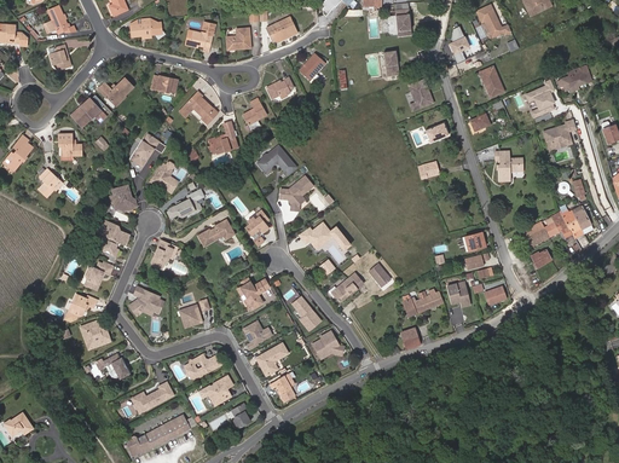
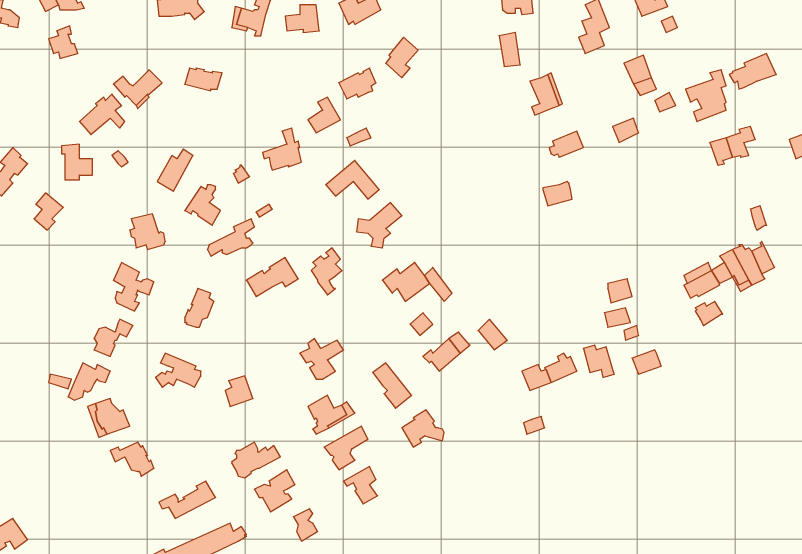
building: [180,92,218,125] -> none
building: [498,151,523,181] -> none

